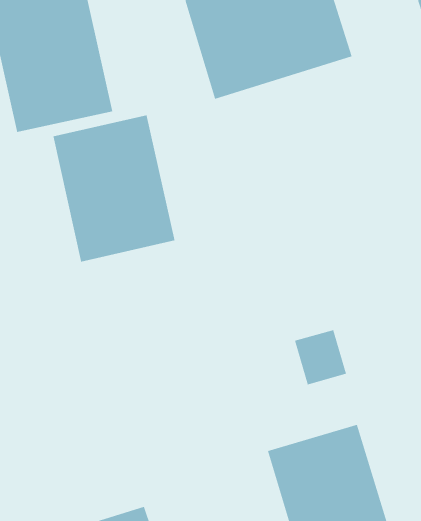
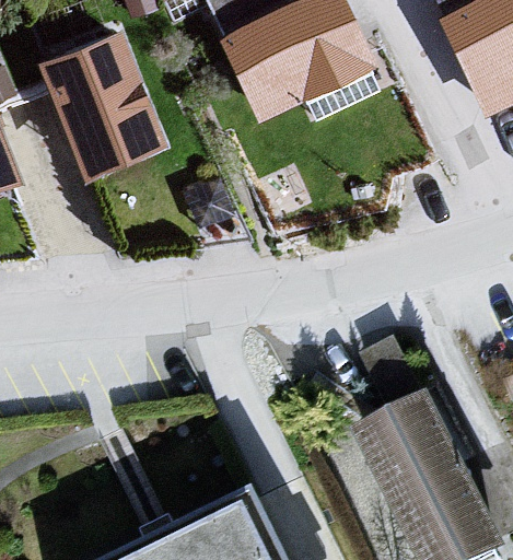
building: [53,114,175,262] -> none

